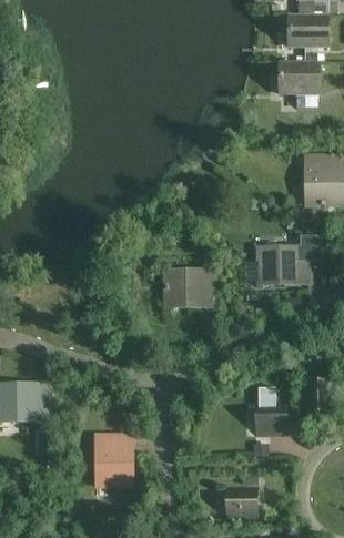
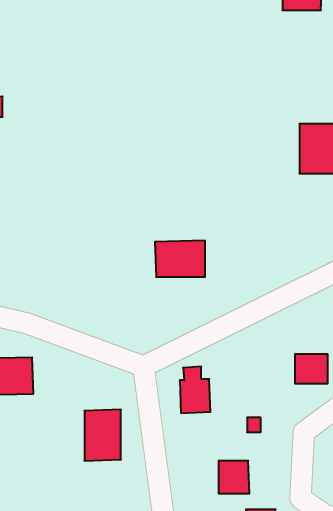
building: [280,61,318,108] -> none
building: [257,246,308,282] -> none
building: [255,387,285,433] -> [180,367,210,413]

